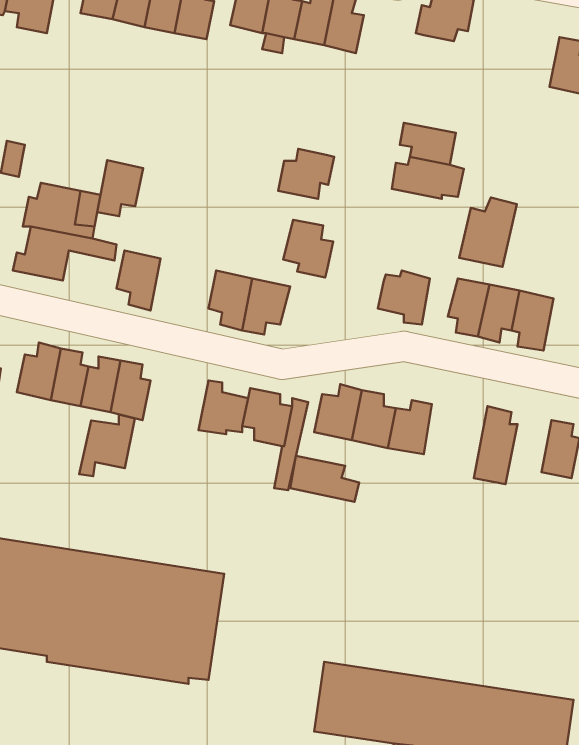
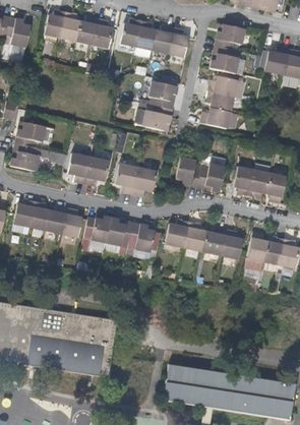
building: none -> [260,44,289,71]
building: none -> [211,45,238,71]
building: none -> [209,75,239,95]
building: none -> [152,79,178,106]
building: [97,160,143,216] -> [80,159,104,187]
building: [459,198,517,267] -> none
building: [283,220,333,278] -> [174,159,199,188]
building: none -> [220,233,241,262]
building: none -> [263,238,285,267]
building: [79,414,135,476] -> [81,219,110,250]
building: [290,456,359,502] -> none

